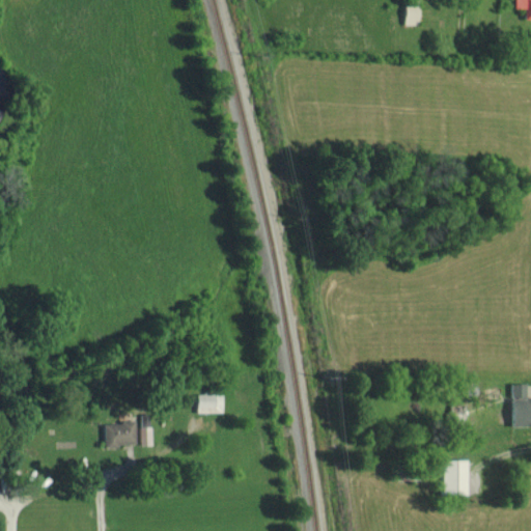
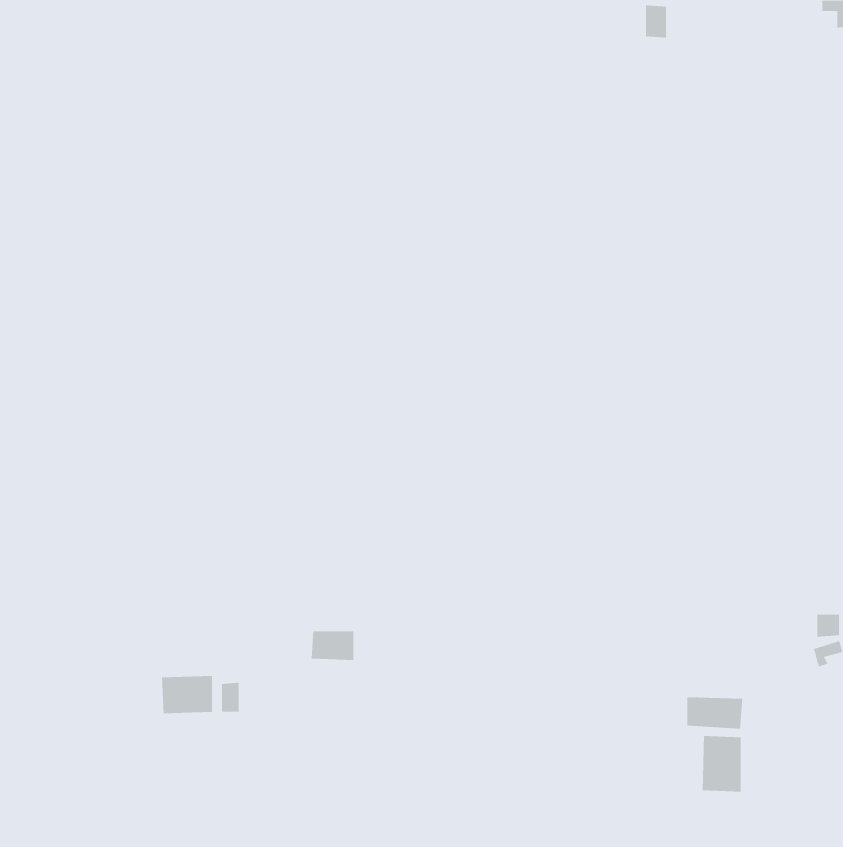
building: none -> [687,696,743,729]

